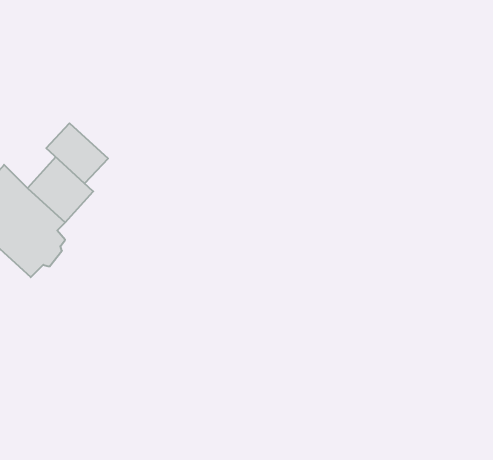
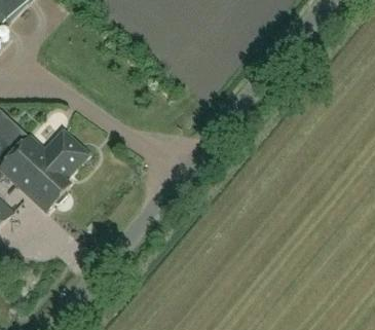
building: [46,123,108,183] -> none

